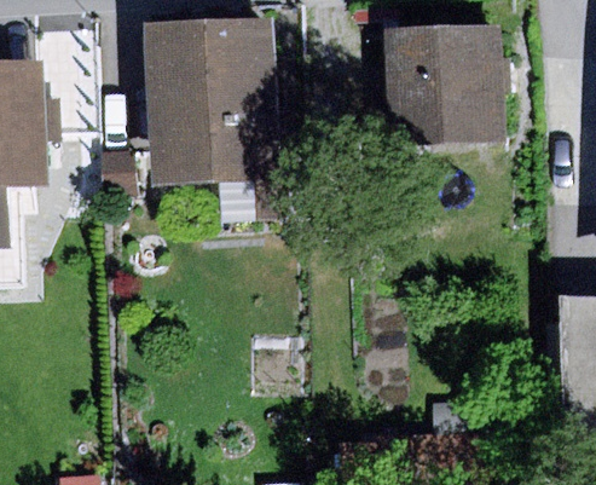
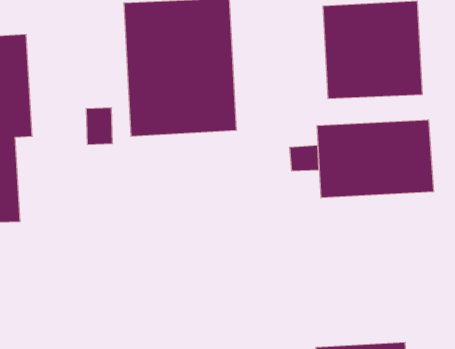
building: none -> [317,120,433,198]

